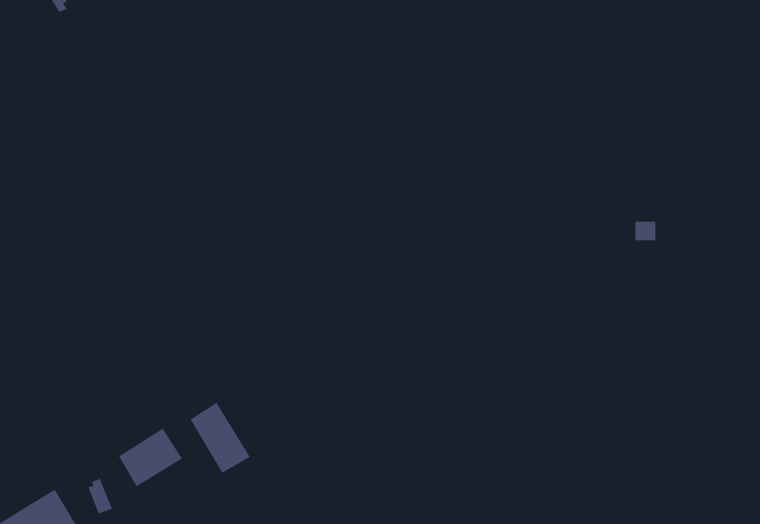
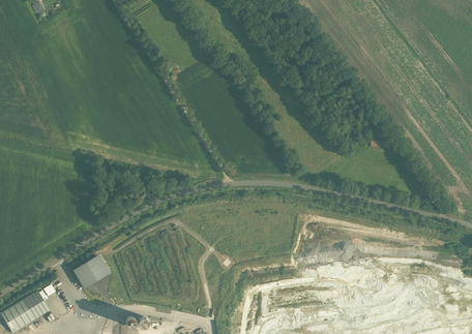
building: [190,402,251,473] -> none

